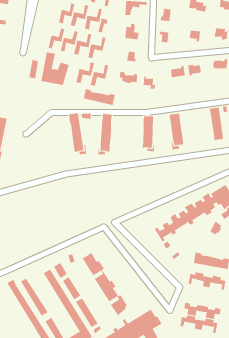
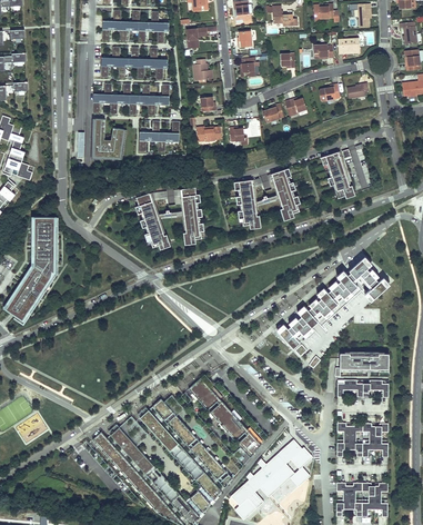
building: [83,88,115,106] -> none

